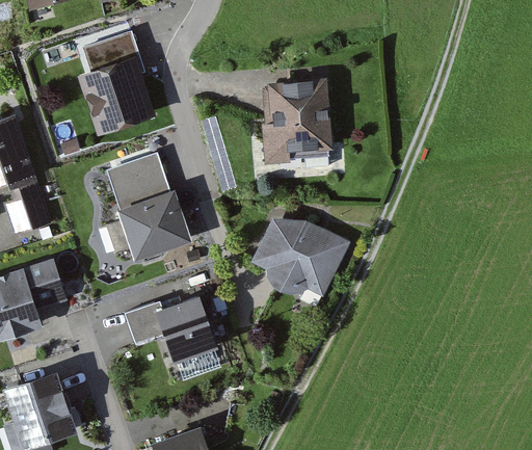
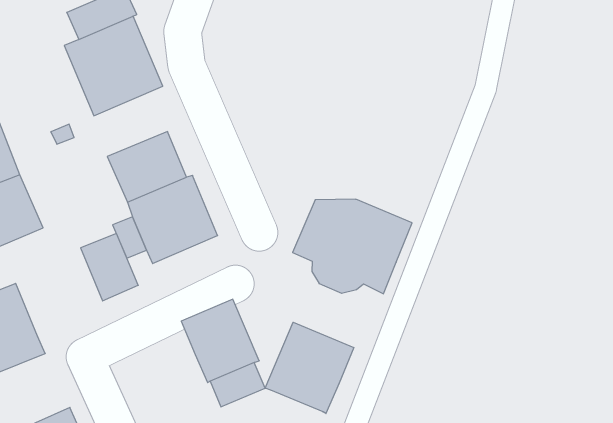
building: [262,77,330,165] -> none
building: [22,257,66,311] -> [81,234,138,301]
building: [123,302,164,346] -> none
building: none -> [265,322,354,414]

